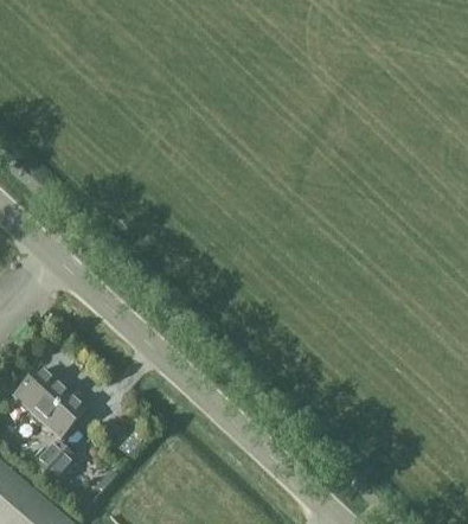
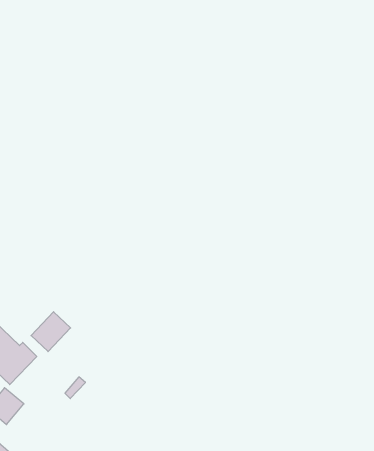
building: none -> [31,312,71,352]

